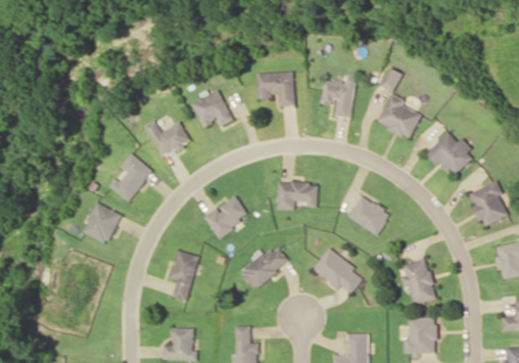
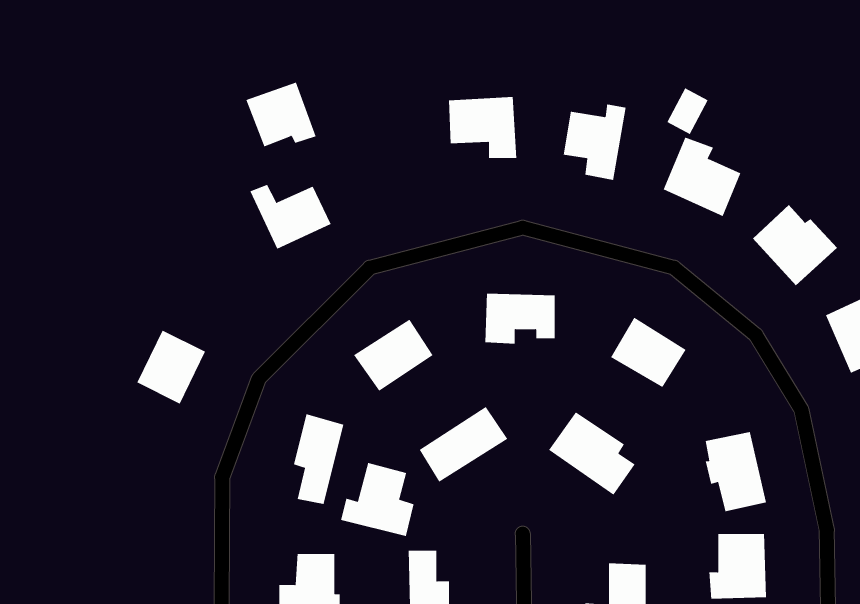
building: [192,91,232,128] -> [246,82,317,147]
building: [110,153,153,201] -> none
building: none -> [341,462,414,537]

